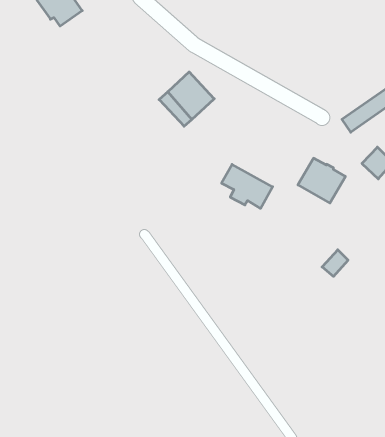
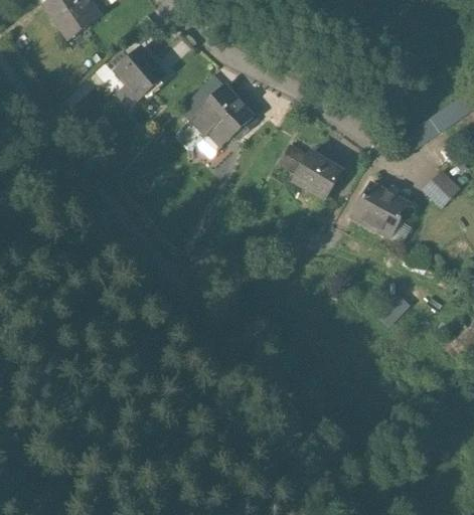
building: none -> [115,44,164,95]
building: [222,164,273,208] -> [280,144,339,195]

